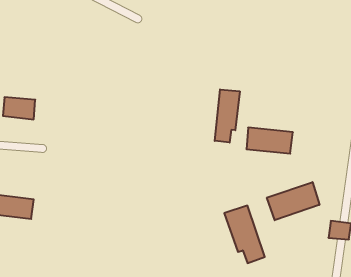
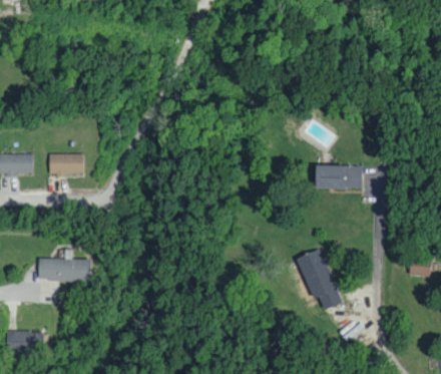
building: [215,89,240,143] -> none
building: [267,182,319,220] -> none

